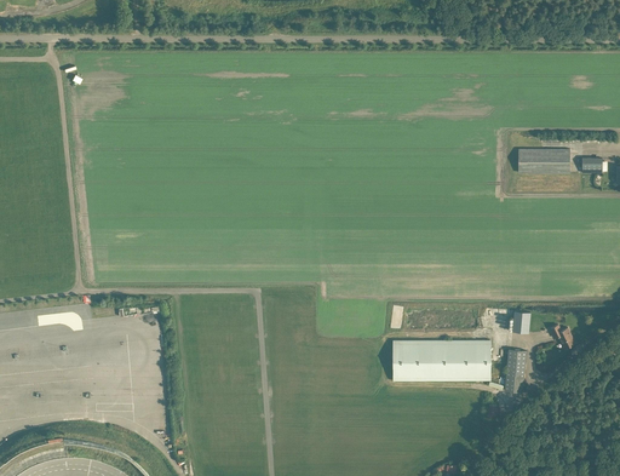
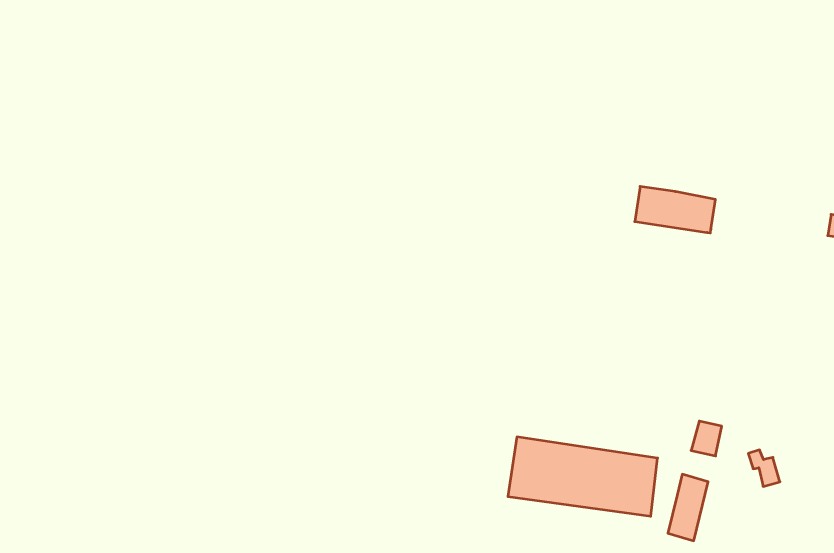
building: [517,149,569,173] -> [635,186,715,233]

